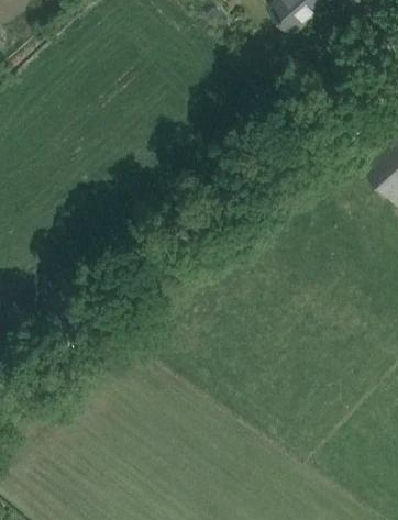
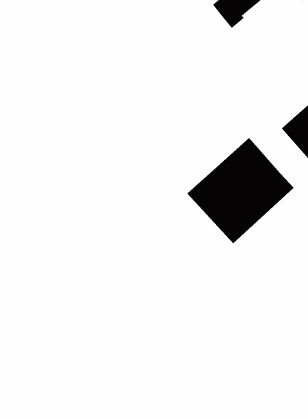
building: none -> [187,137,295,244]

